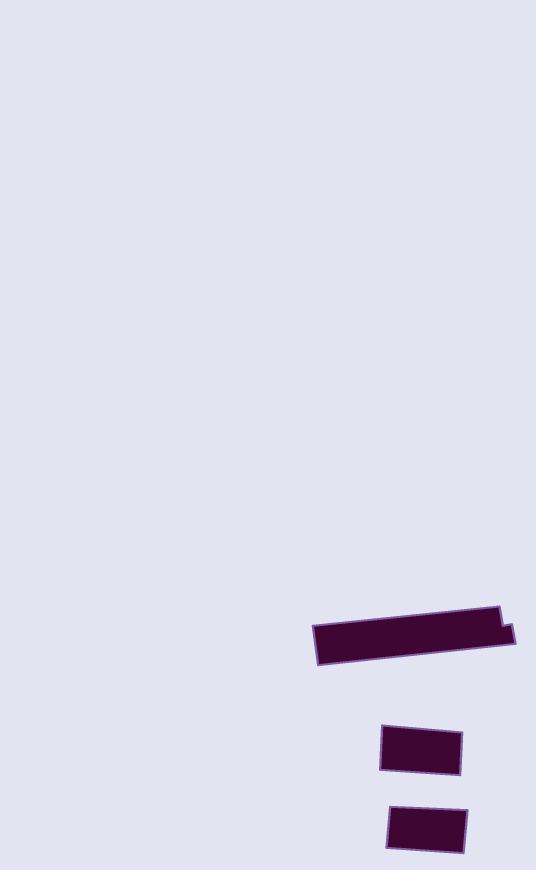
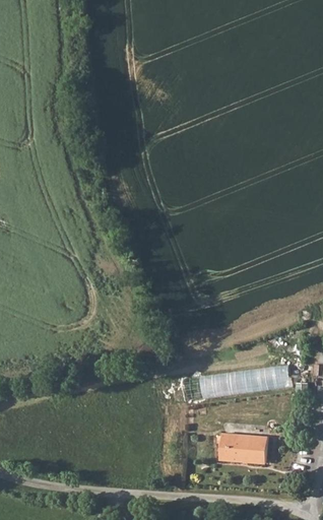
building: [386,807,467,853] -> none

